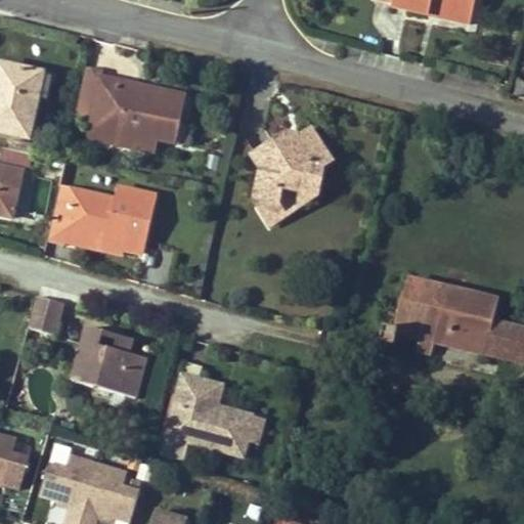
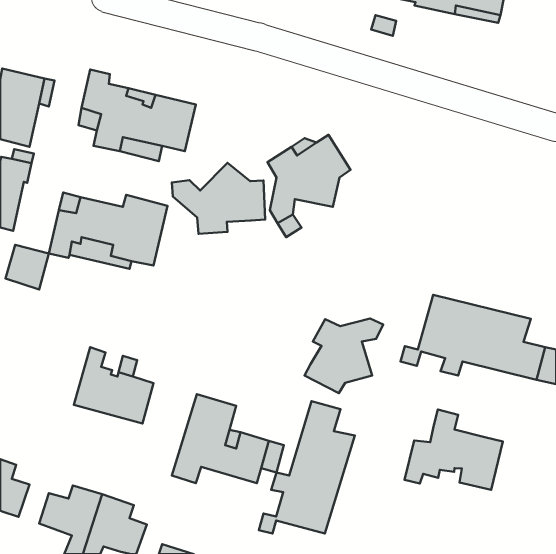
building: none -> [172,163,265,234]
building: [26,296,67,338] -> [5,245,49,290]
building: none -> [304,318,383,393]
building: none -> [259,401,355,534]
building: none -> [405,409,503,490]

